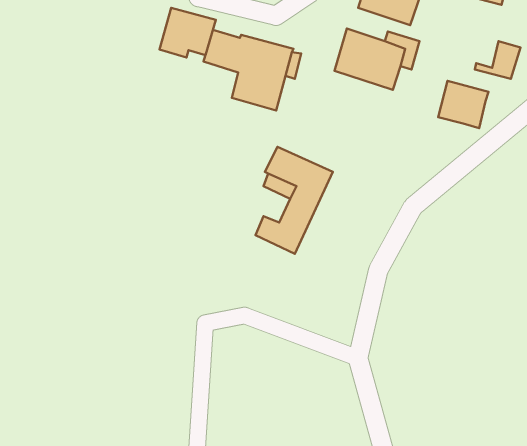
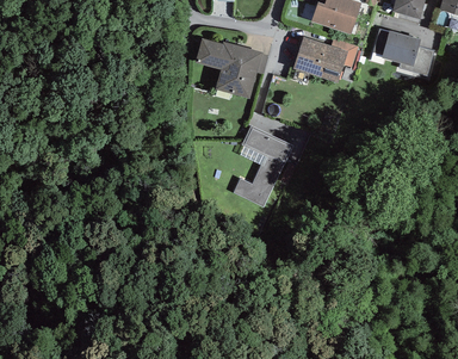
building: [159,8,216,58] -> none
building: [438,81,489,128] -> [382,30,420,66]

